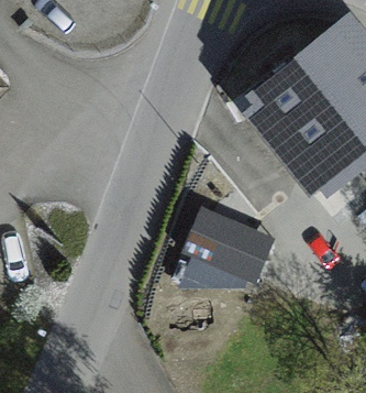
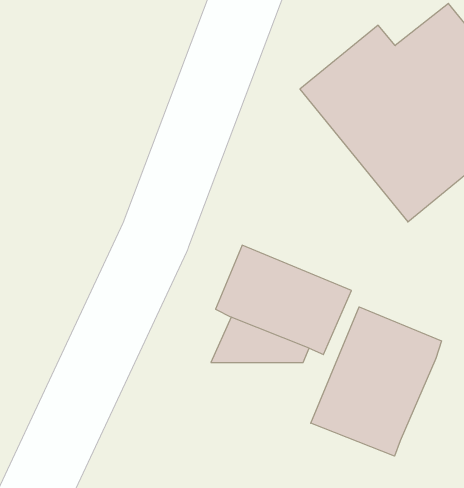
building: none -> [311,307,441,456]

